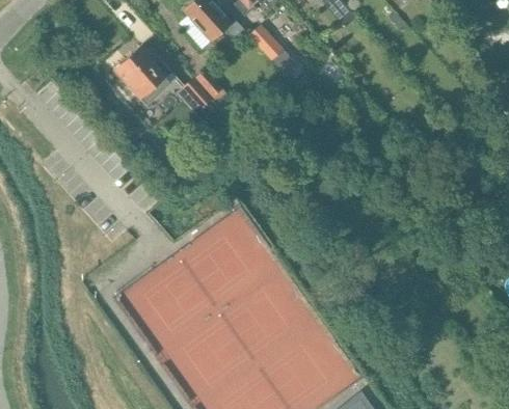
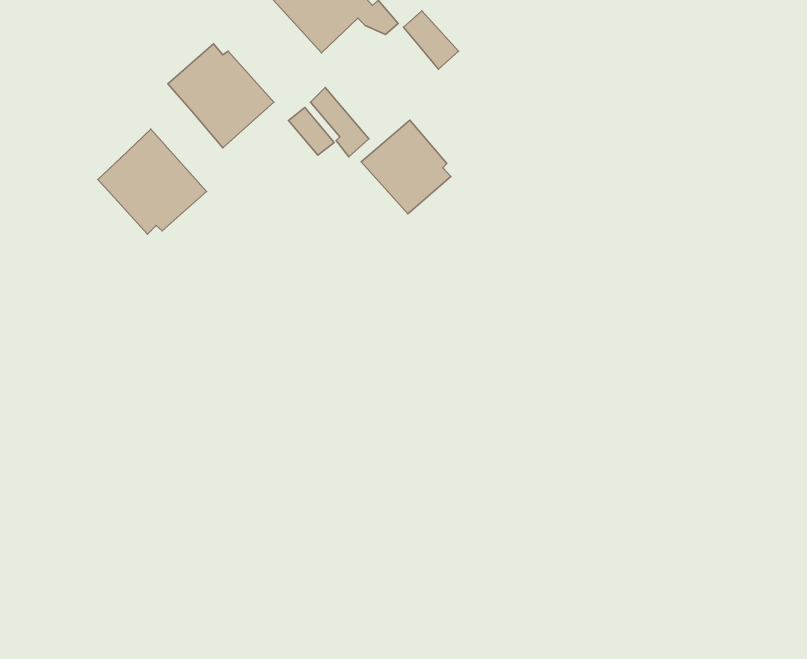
building: none -> [361,120,451,214]
building: none -> [98,129,206,234]

